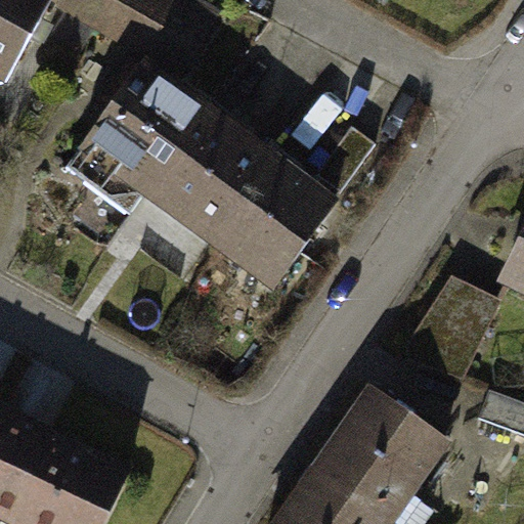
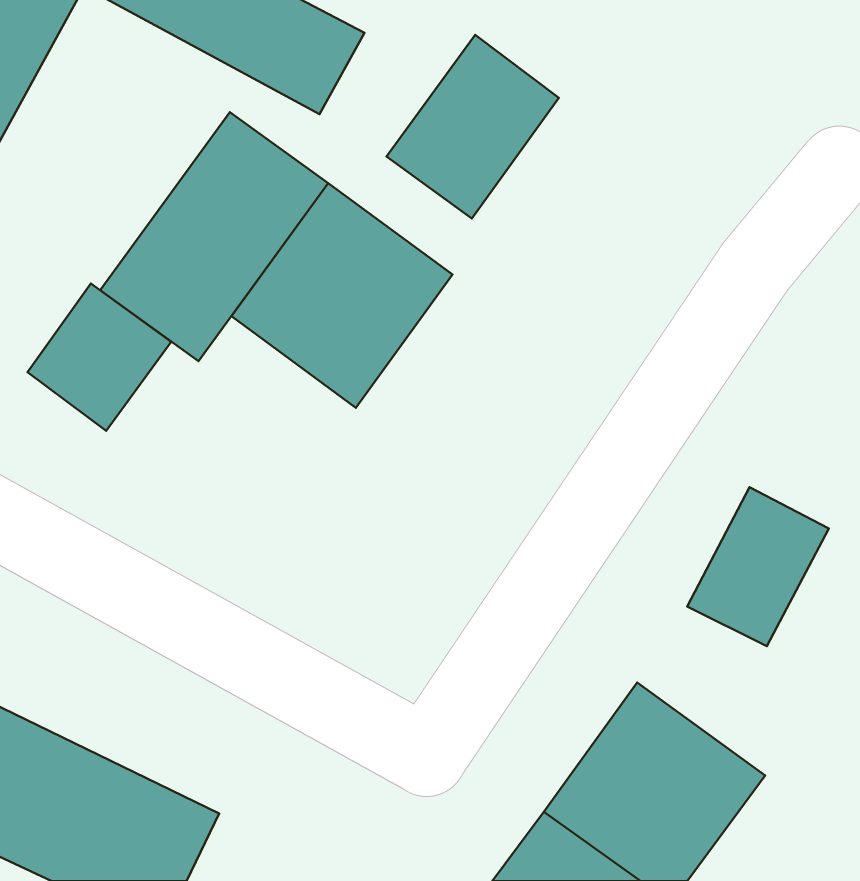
building: none -> [387,35,559,219]
building: [211,163,326,285] -> none
building: none -> [28,283,171,431]

